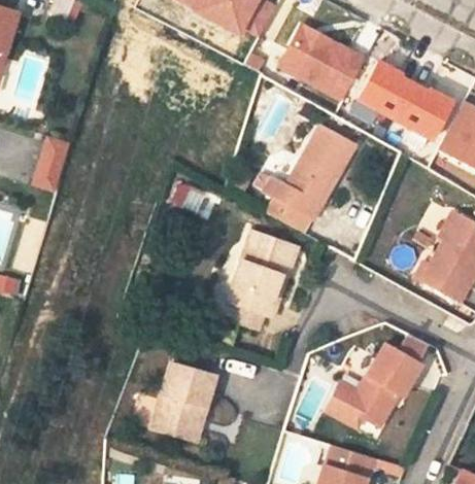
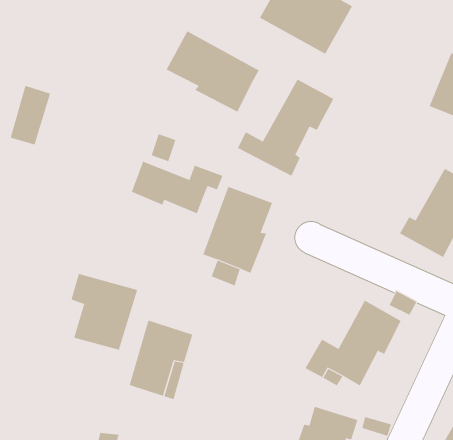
building: [357,60,459,142] -> none
building: none -> [166,31,260,113]
building: none -> [131,161,223,214]
building: none -> [71,273,138,350]

